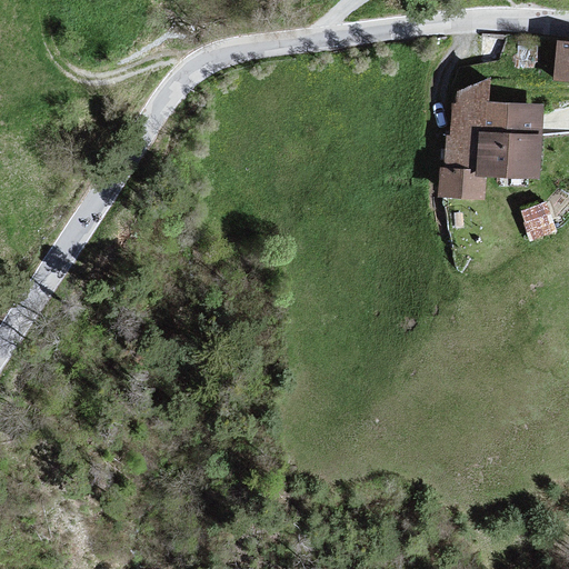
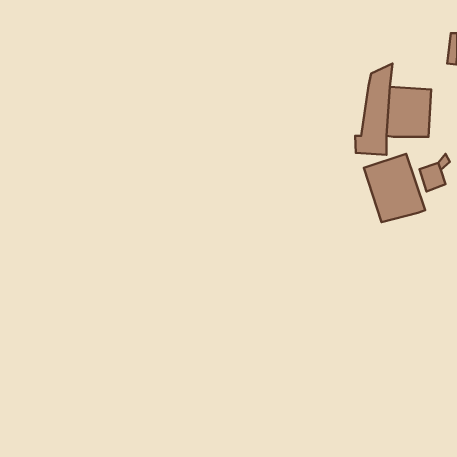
building: none -> [364,154,425,222]

